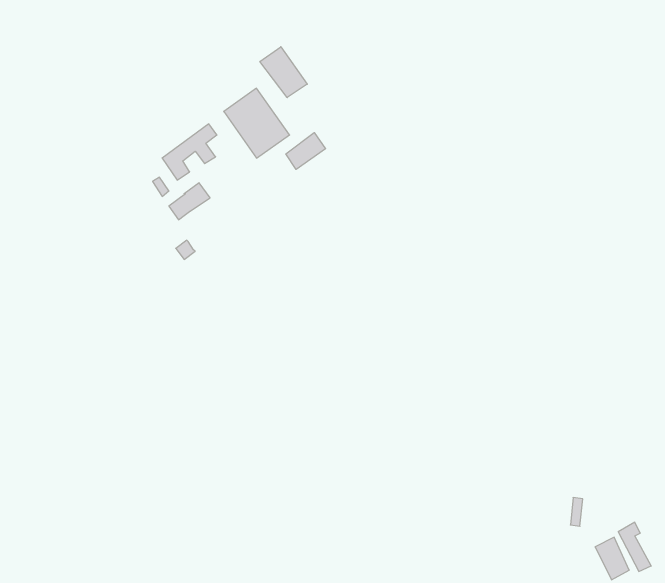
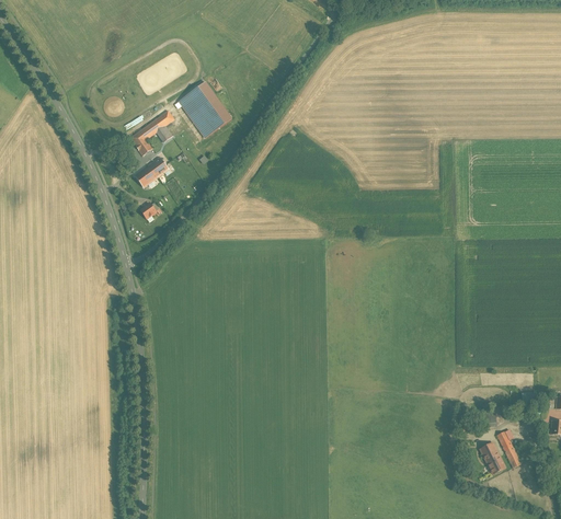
building: [260,47,307,98] -> none
building: [286,133,326,169] -> none

